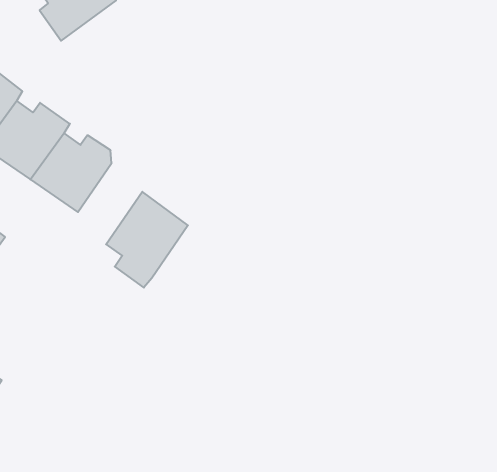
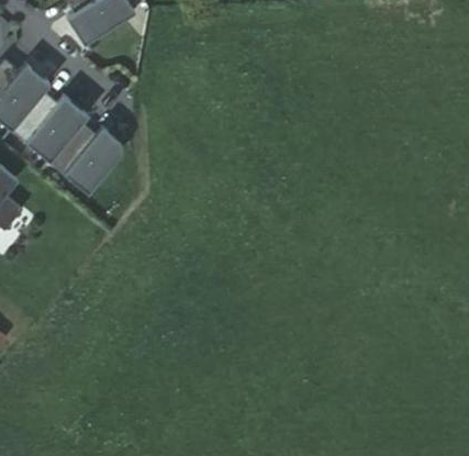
building: [106,192,188,288] -> none

